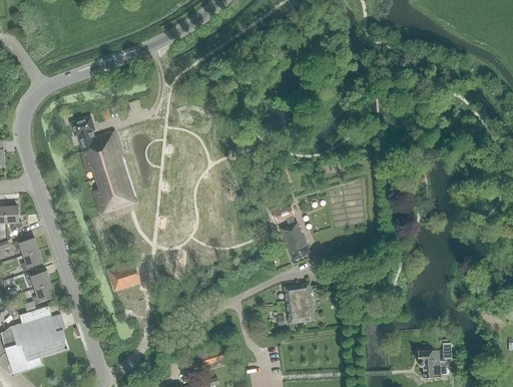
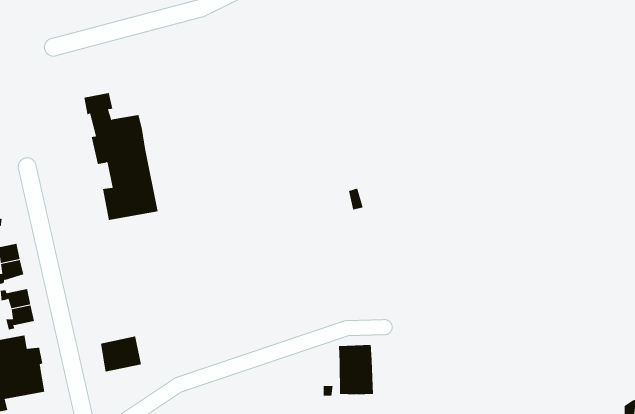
building: [270,207,310,261] -> none
building: [108,262,141,292] -> [100,336,142,372]

